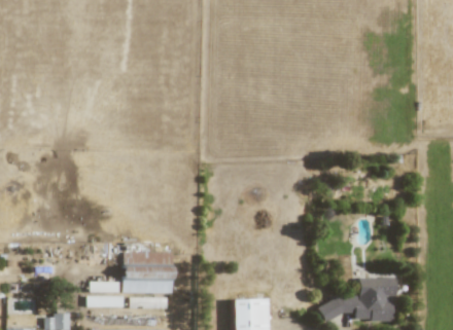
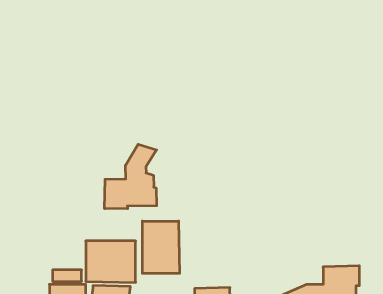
building: none -> [105,144,157,209]
building: none -> [142,221,180,273]

